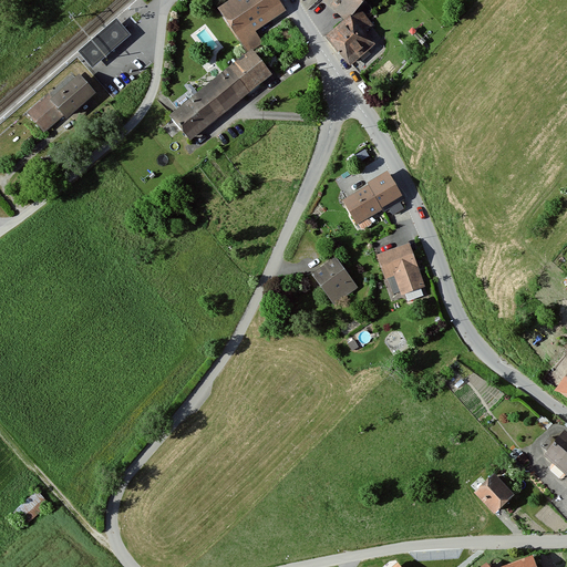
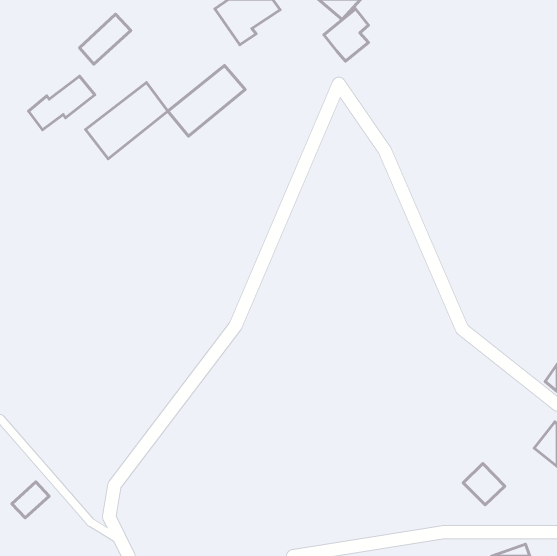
building: [228,48,271,91] -> none
building: none -> [86,82,168,159]
building: [342,172,403,226] -> none
building: [378,244,426,296] -> none
building: [312,256,359,305] -> none

